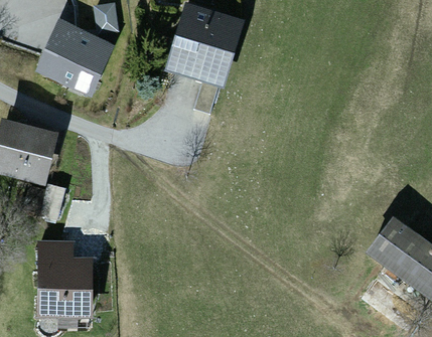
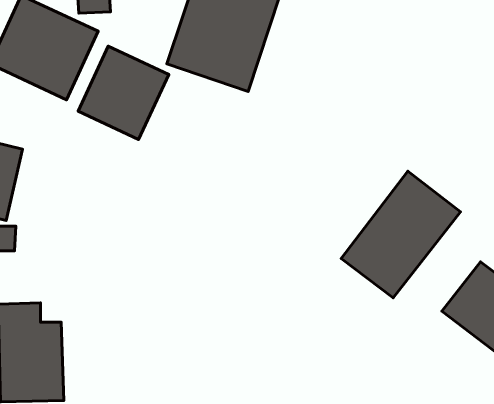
building: none -> [78,46,169,140]
building: none -> [341,171,461,298]

